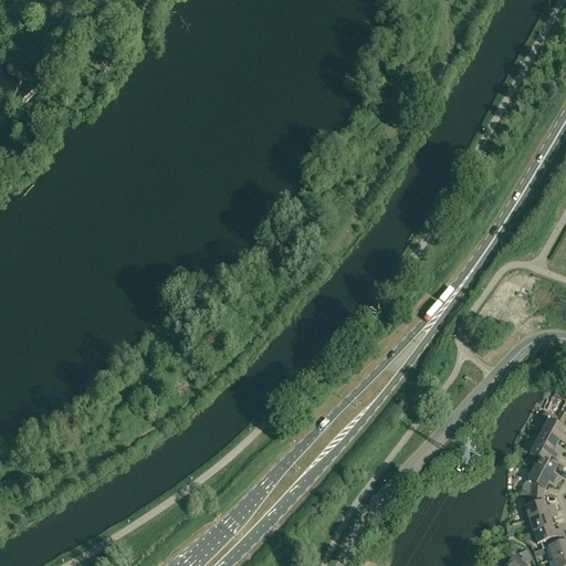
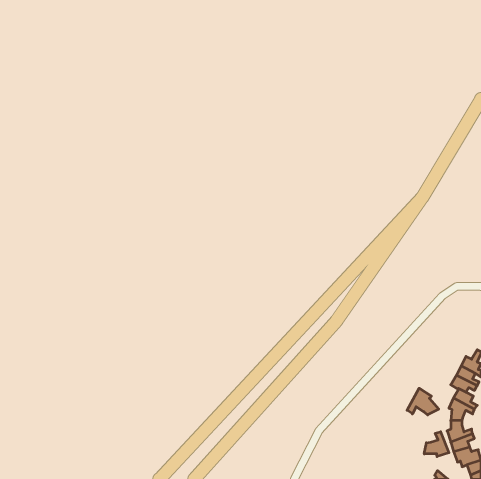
building: none -> [407,388,439,415]
building: none -> [424,432,449,457]

